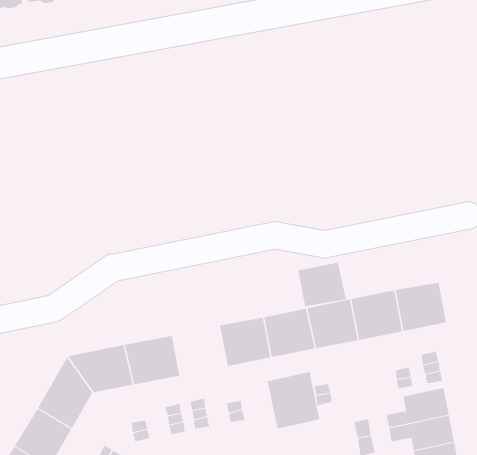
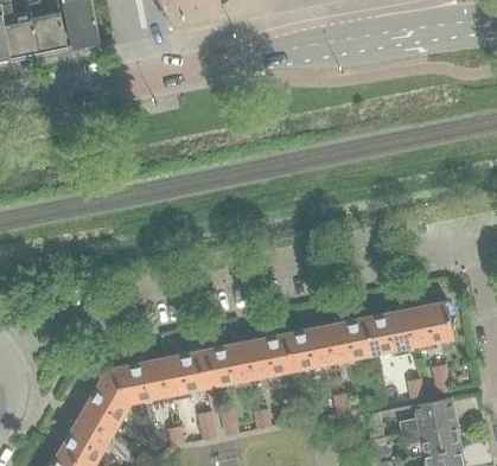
building: [298,262,347,307] -> none
building: none -> [204,340,254,387]
building: [267,371,320,429] -> none

